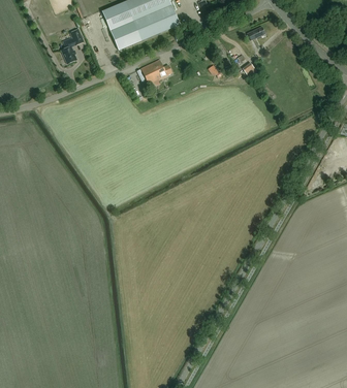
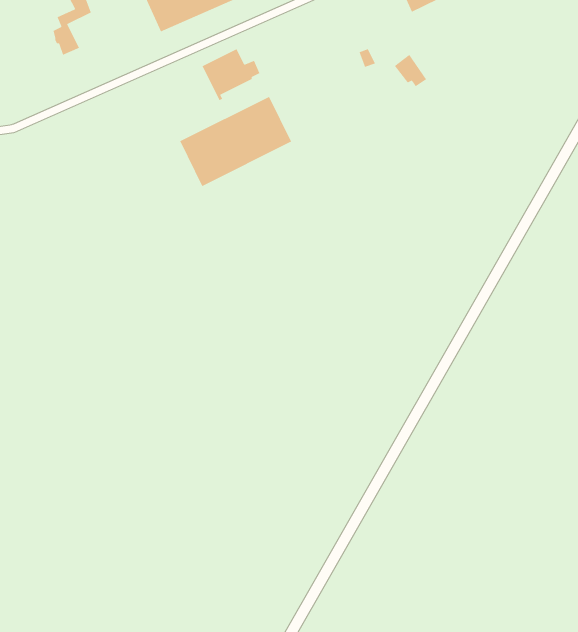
building: none -> [179,96,292,187]

